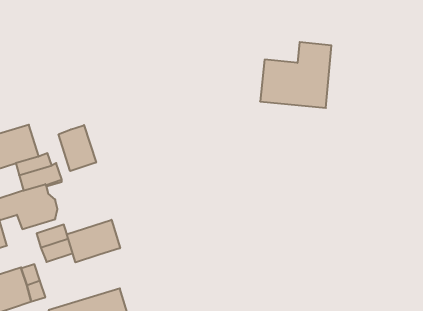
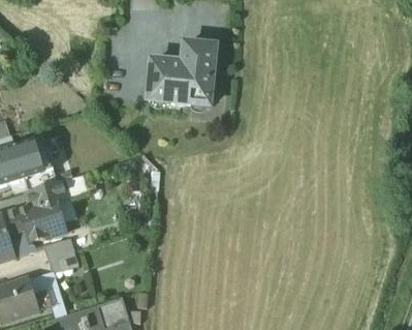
building: [260,42,331,108] -> [149,42,216,104]
building: [59,125,96,171] -> none
building: [67,220,120,262] -> none

